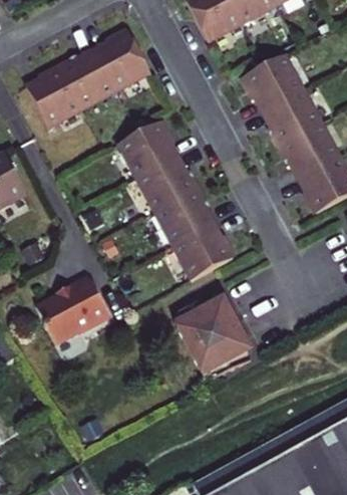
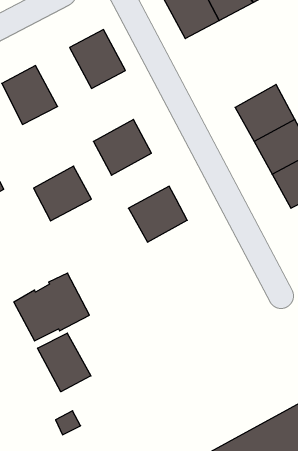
building: [60,49,116,108] -> none
building: [243,52,302,109] -> none
building: [136,156,195,211] -> [34,166,91,221]
building: [172,223,231,279] -> none
building: [178,289,254,376] -> none
building: none -> [38,333,91,392]

